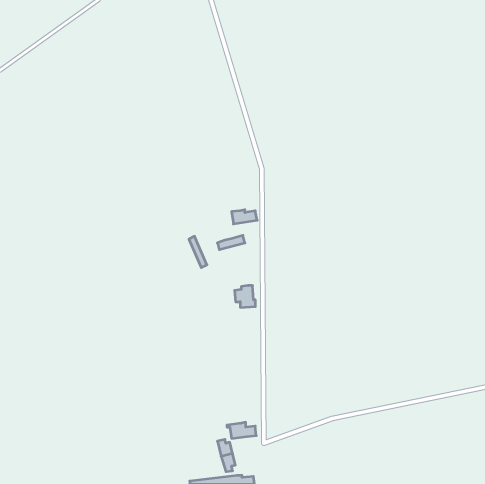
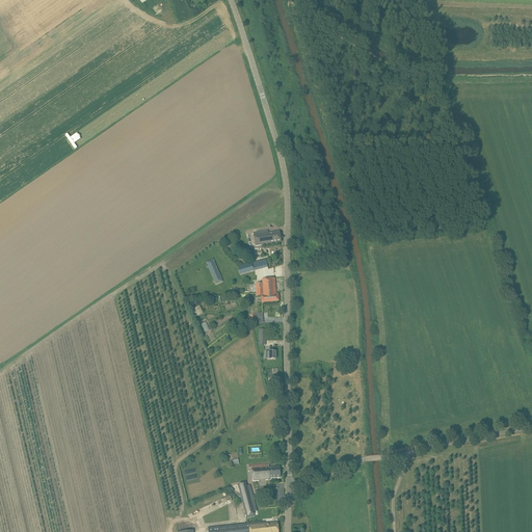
building: [235,286,255,307] -> [256,277,278,301]

